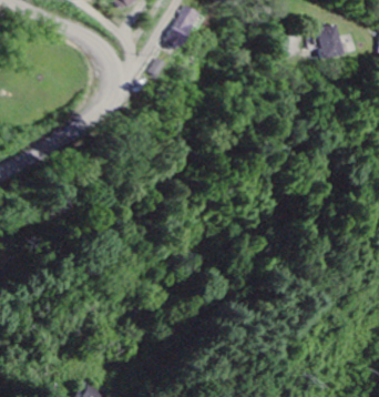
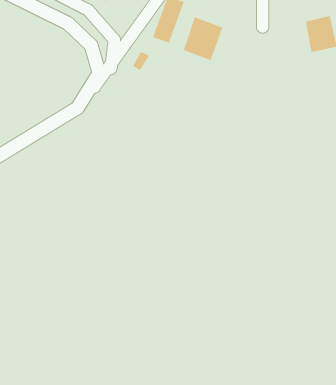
building: none -> [183,17,223,61]

